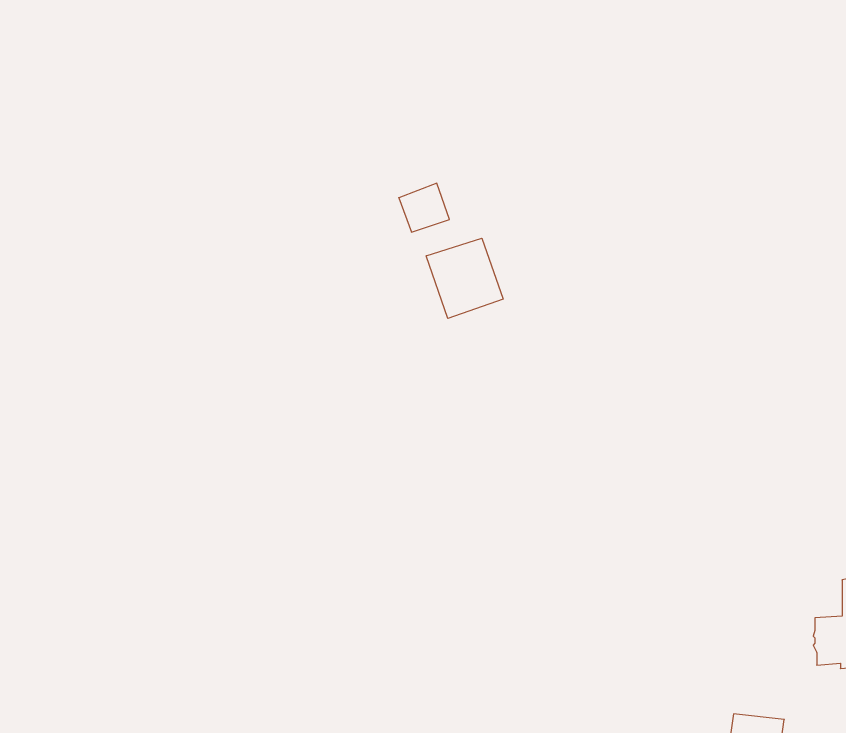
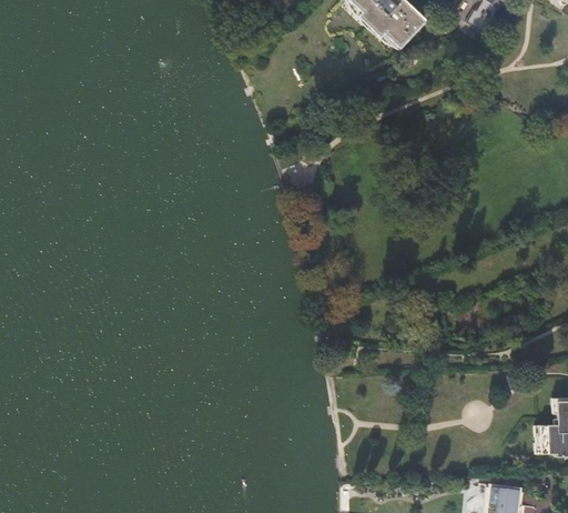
building: [426,238,503,318] -> none

